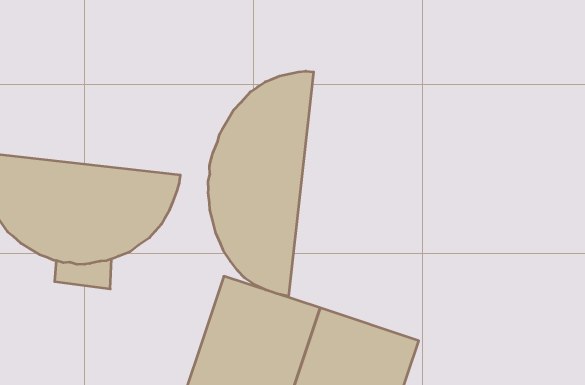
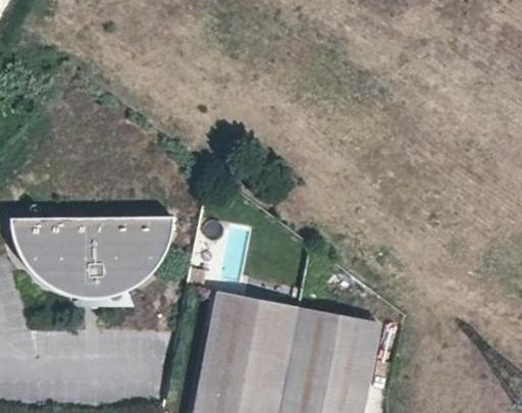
building: [208,71,314,296] -> none

